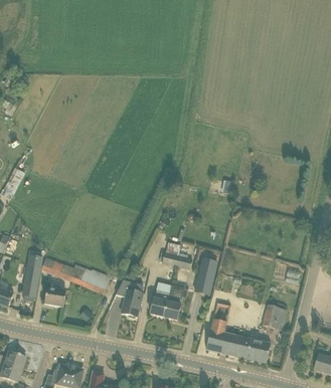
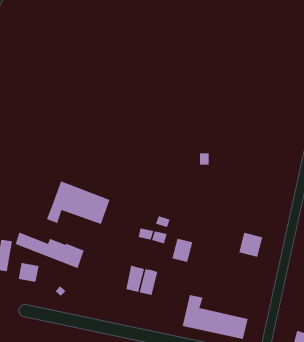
building: none -> [46,180,110,225]
building: [115,278,145,318] -> none
building: [262,304,286,329] -> [238,232,263,258]

